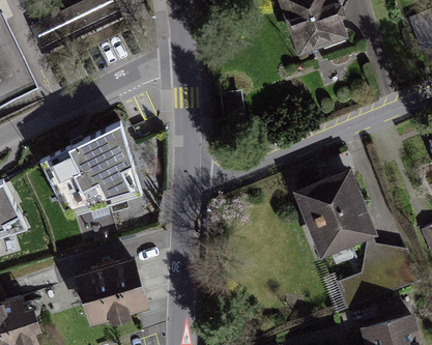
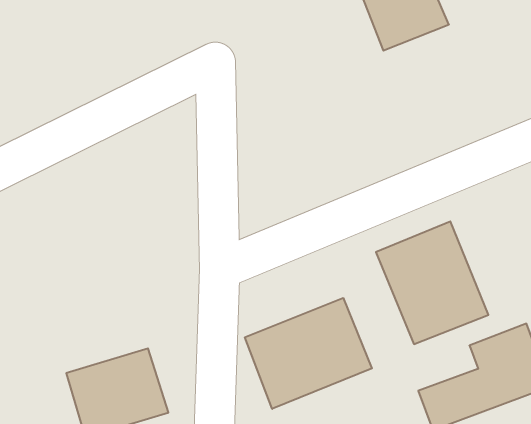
building: [39,126,140,220] -> none
building: none -> [245,298,372,409]

